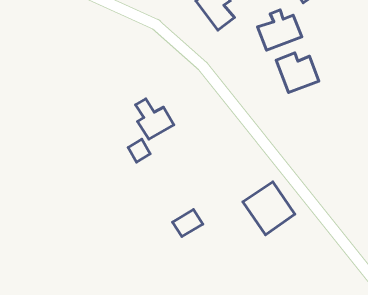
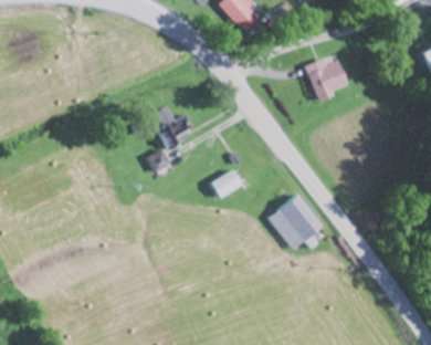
building: [258,10,302,50] -> none
building: [173,210,203,237] -> [209,169,241,198]

